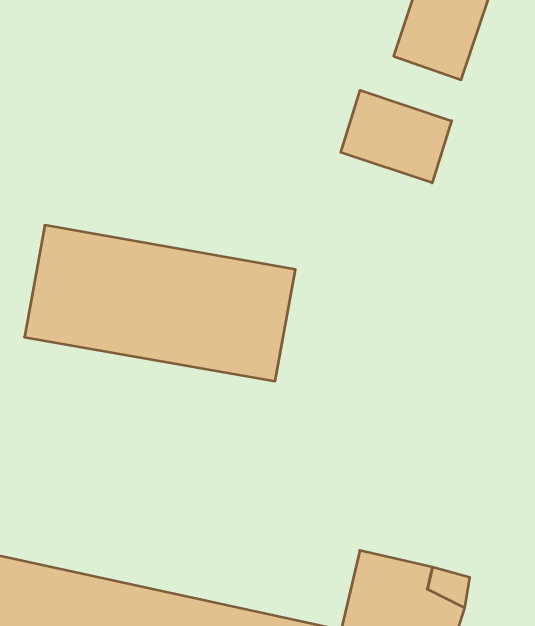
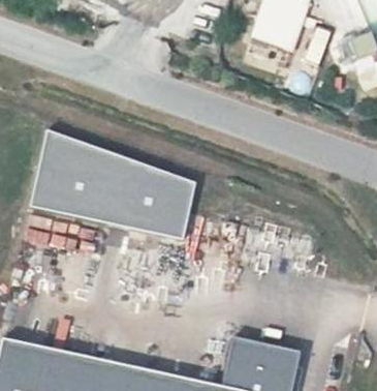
building: [341,90,452,183] -> none

